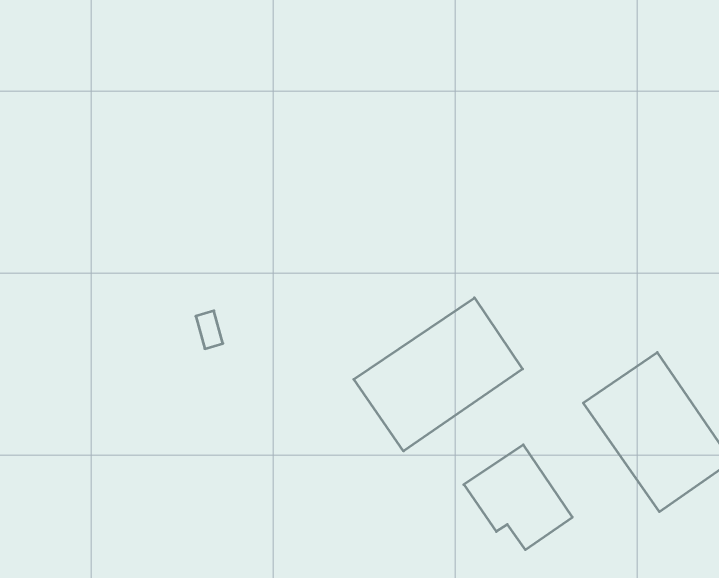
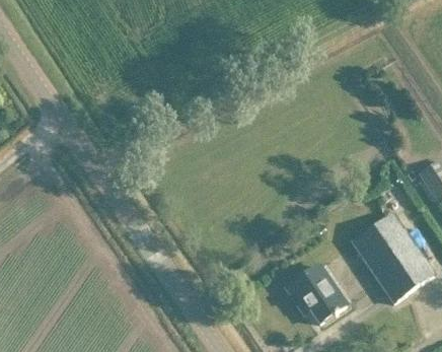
building: [354,298,523,451] -> none

